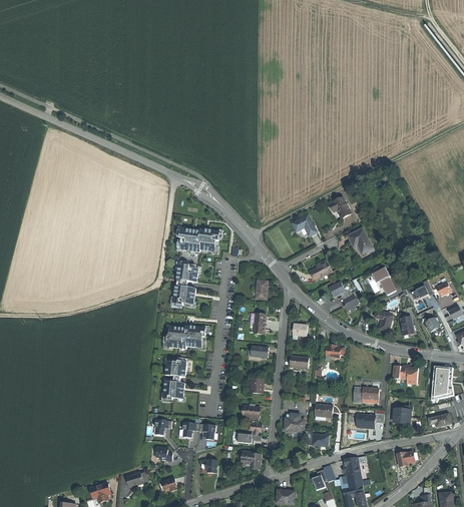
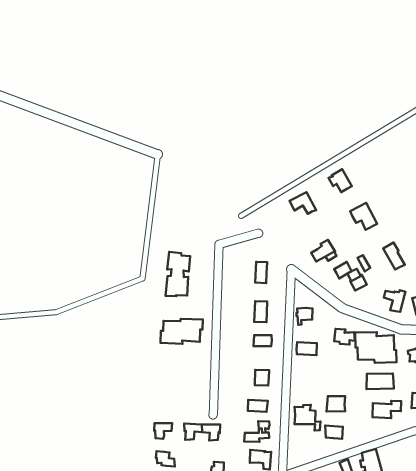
building: [178,228,219,252] -> none
building: none -> [355,332,397,363]
building: [162,361,185,400] -> none

